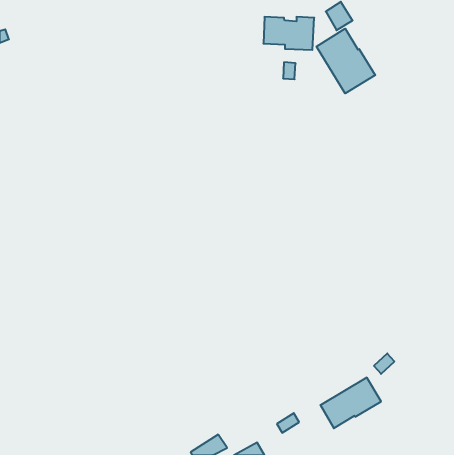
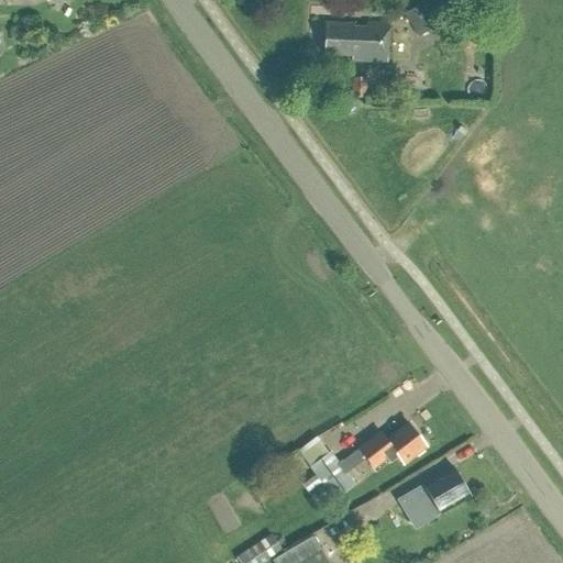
building: [317,29,375,93] -> none
building: none -> [300,423,426,510]

